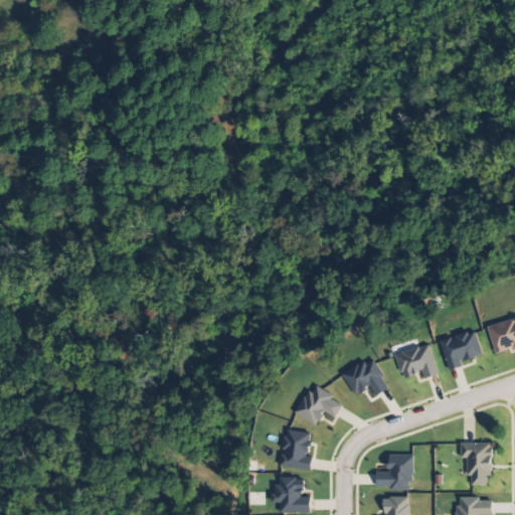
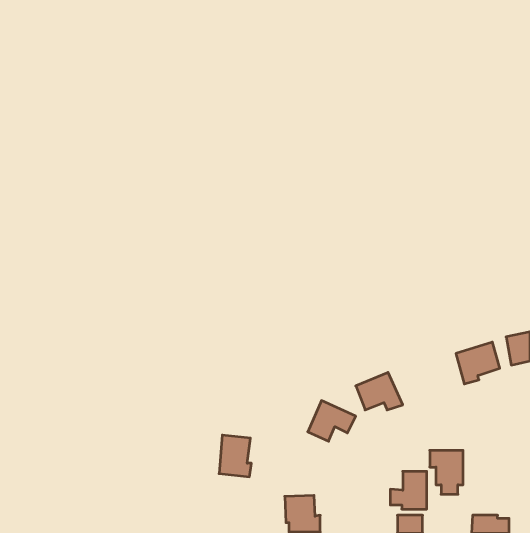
building: [395,344,438,379] -> none
building: [281,430,312,470] -> [219,435,251,477]
building: [460,443,492,485] -> [430,450,463,494]

